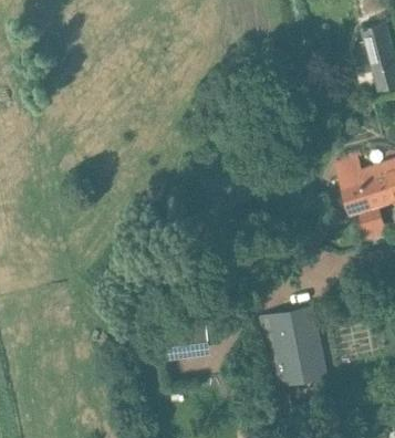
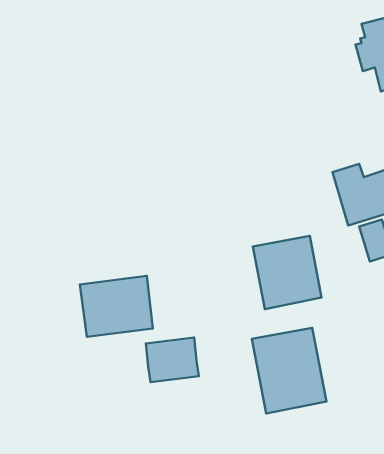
building: none -> [253,236,322,309]
building: none -> [80,276,153,337]

